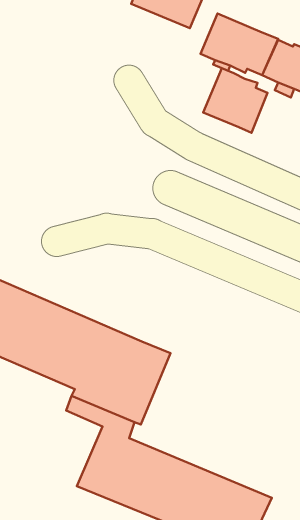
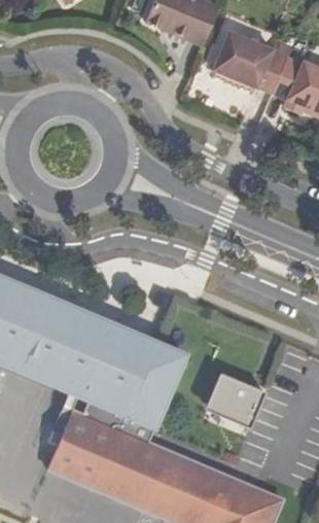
building: [203,68,268,133] -> none
building: none -> [209,377,263,426]
building: none -> [47,411,117,488]

